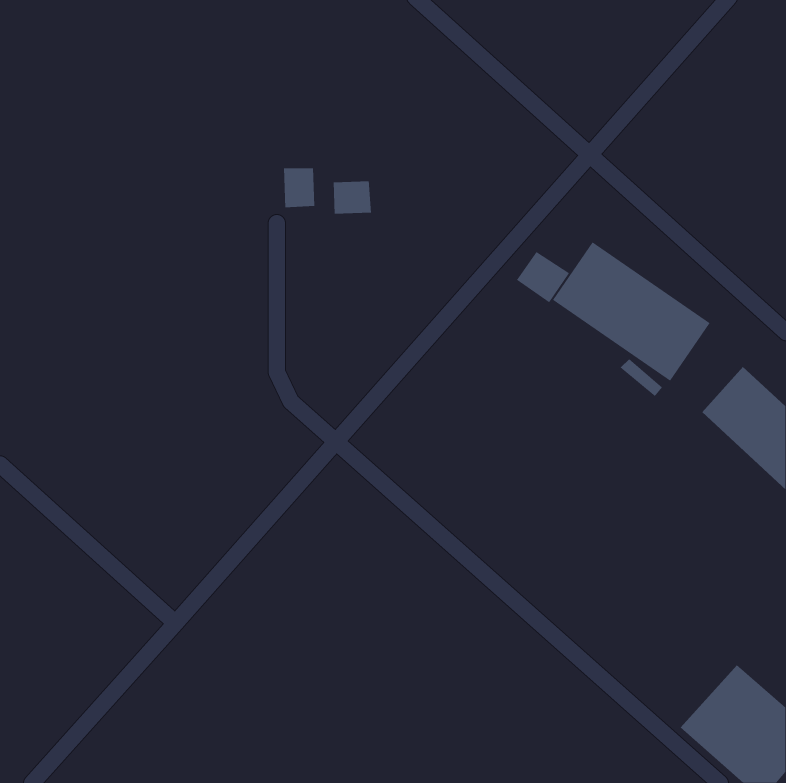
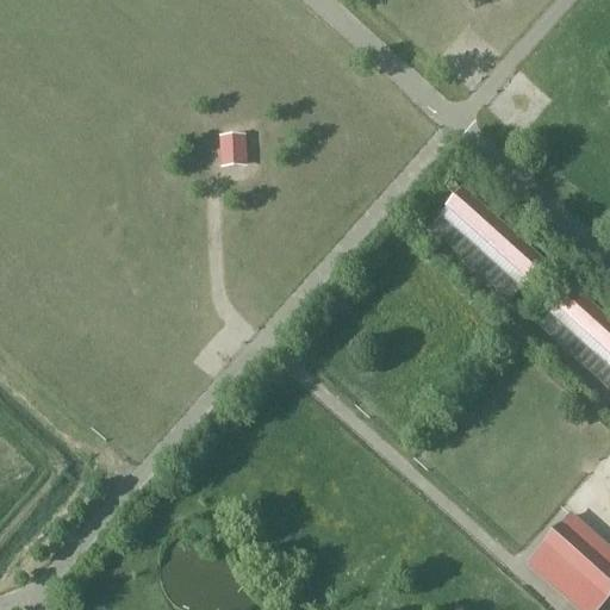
building: [333,181,372,214] -> none
building: [516,251,570,303] -> none

